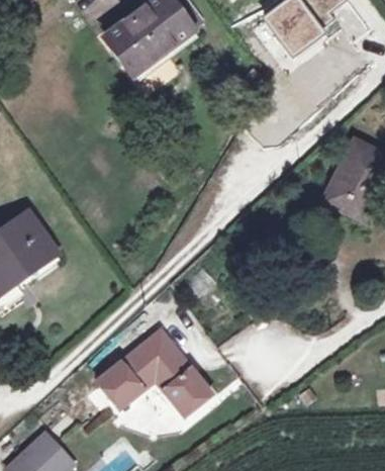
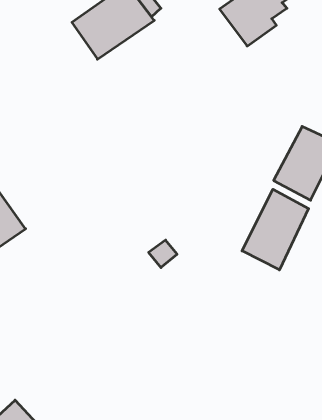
building: none -> [242,189,309,270]
building: [98,331,213,416] -> none

